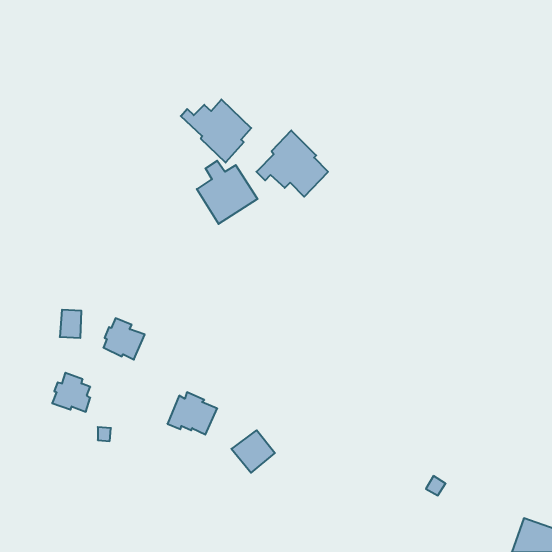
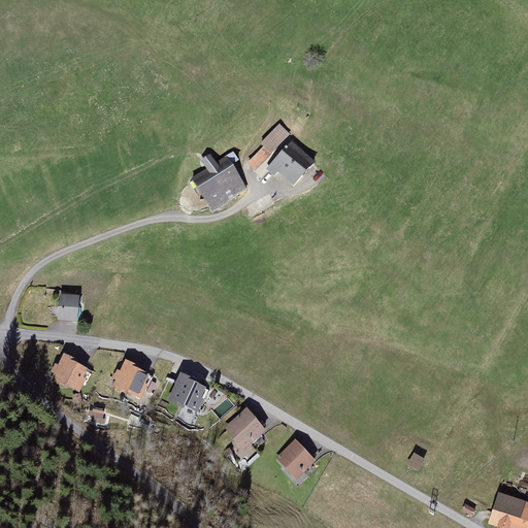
building: [181,99,251,163] -> none
building: [103,318,145,360] -> [113,359,153,398]
building: none -> [276,438,317,480]

